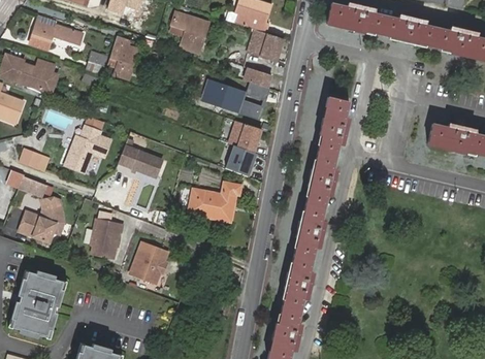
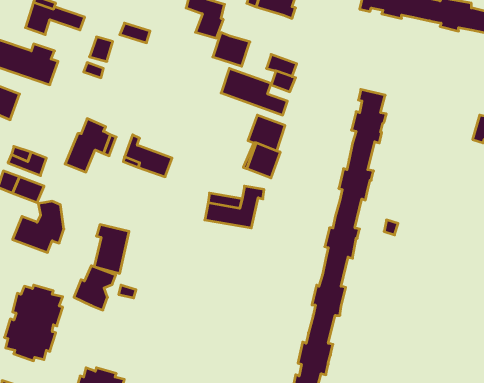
building: [251,31,284,61] -> [213,33,250,66]
building: [108,48,137,79] -> none
building: [130,243,167,283] -> [74,266,116,310]

